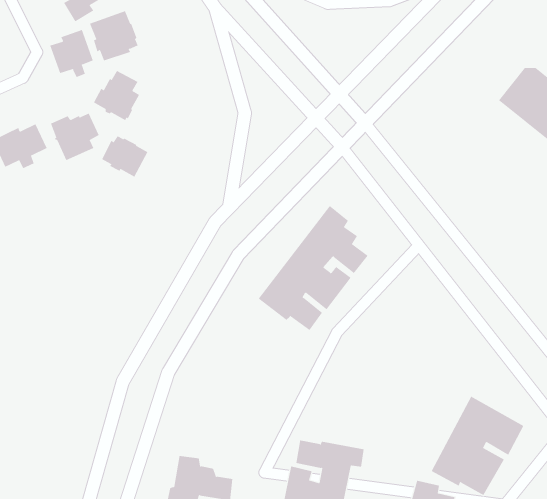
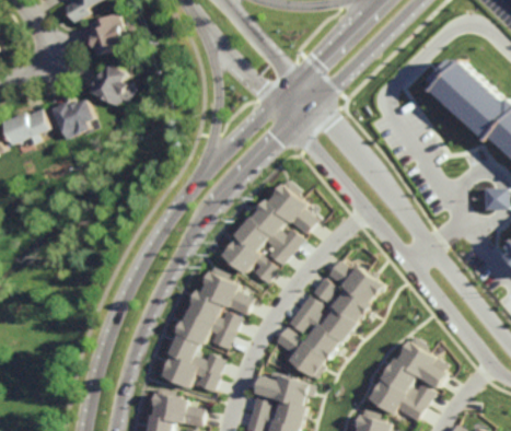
building: [50,29,94,78] -> none
building: [102,135,148,178] -> none
building: none -> [275,260,382,380]
building: none -> [163,267,254,392]

